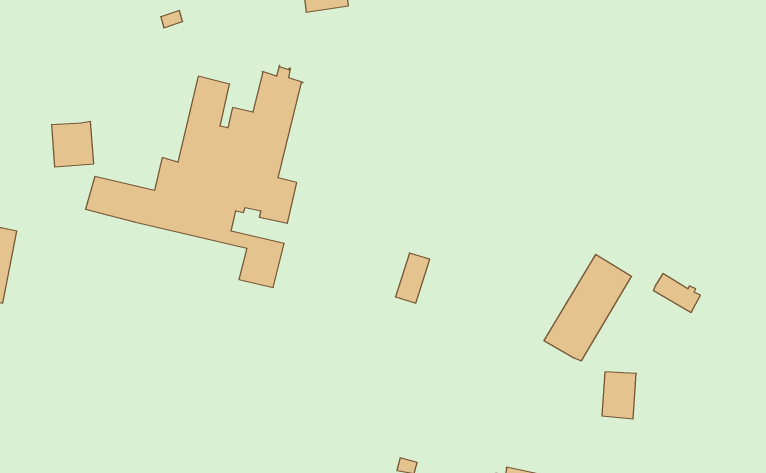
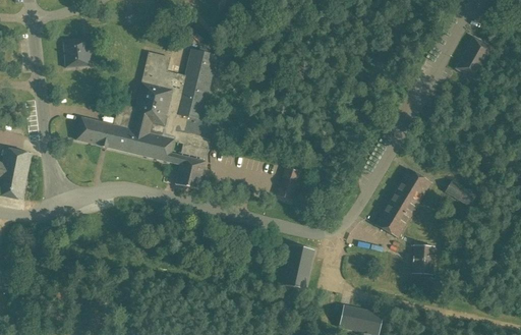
building: none -> [455,36,493,79]
building: [52,122,94,167] -> [63,38,91,67]
building: none -> [283,244,312,289]

